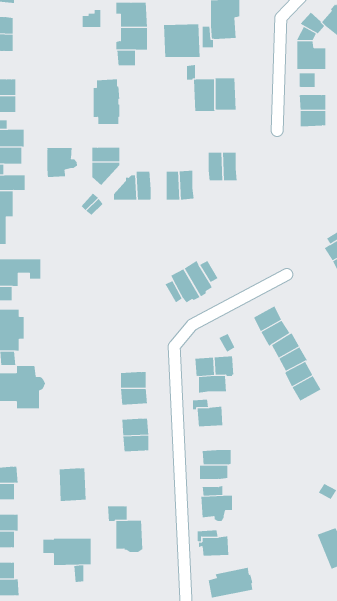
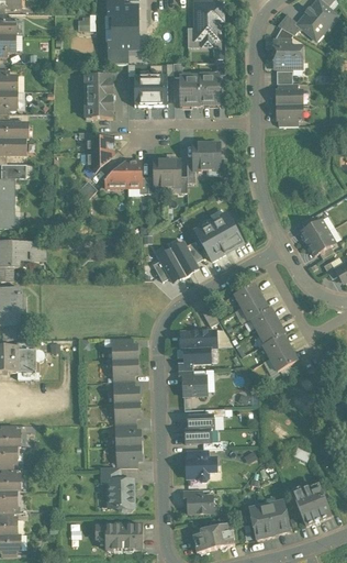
building: [163,24,200,57] -> [133,75,167,106]
building: [47,147,77,178] -> none
building: none -> [194,213,242,261]
building: [59,468,86,501] -> [115,430,141,461]
building: [42,538,91,566] -> [96,525,141,550]
building: none -> [249,501,289,539]

